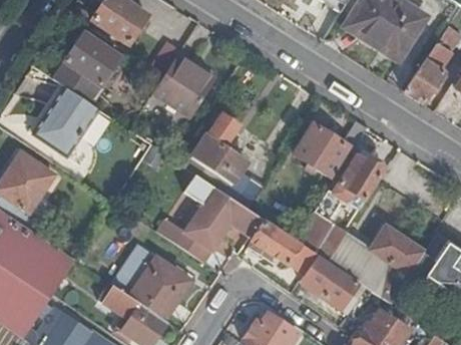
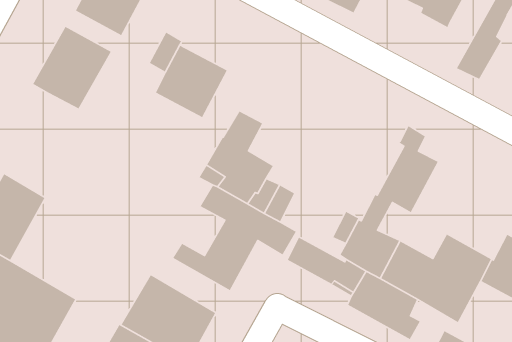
building: [33,87,98,156] -> none
building: [294,120,366,177] -> none

